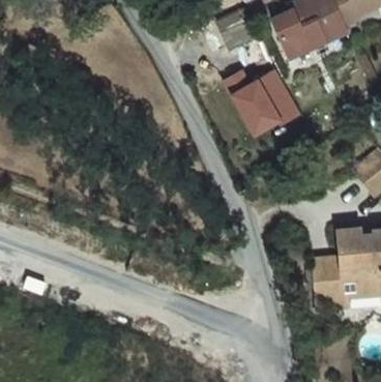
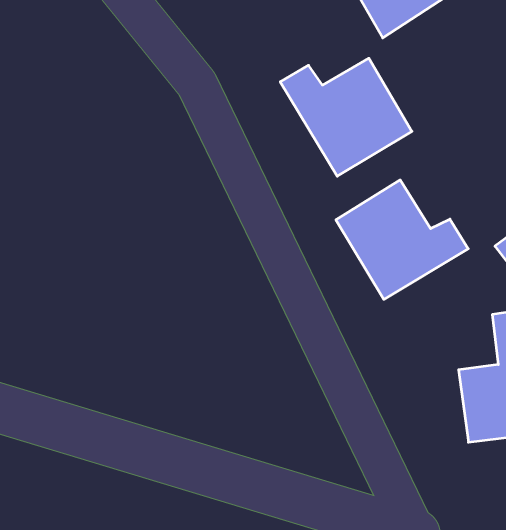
building: none -> [336,180,468,299]

